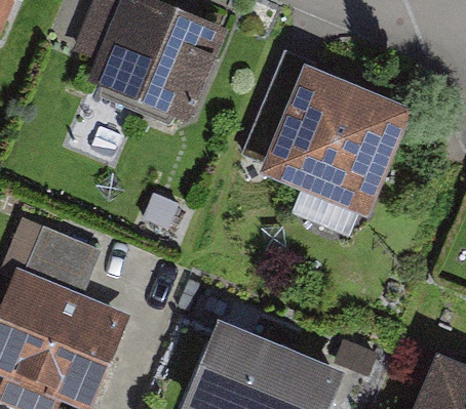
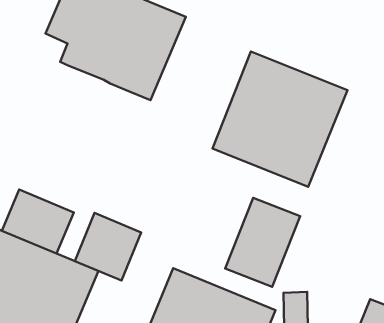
building: none -> [225,198,300,287]
building: none -> [75,213,141,281]

